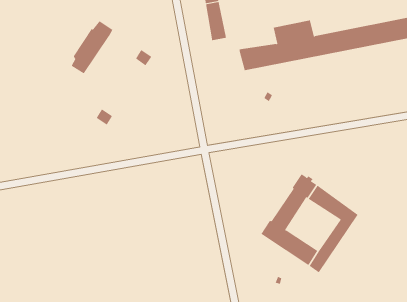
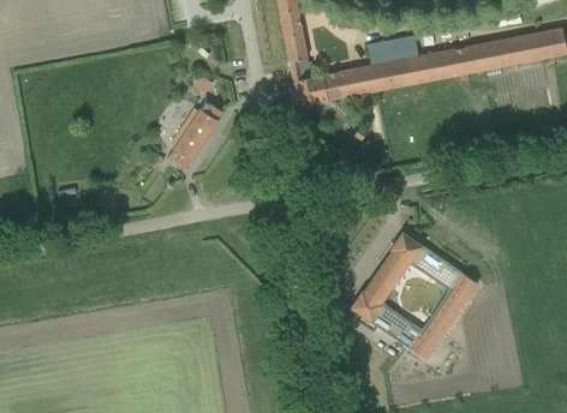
building: [71,20,113,74] -> [169,98,223,167]
building: none -> [288,58,329,106]

